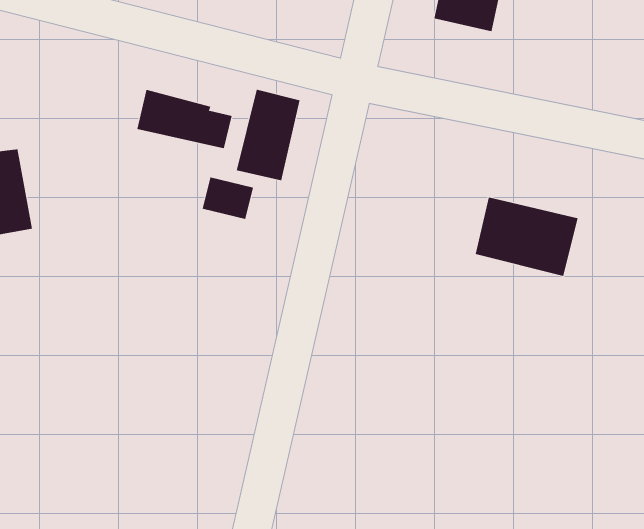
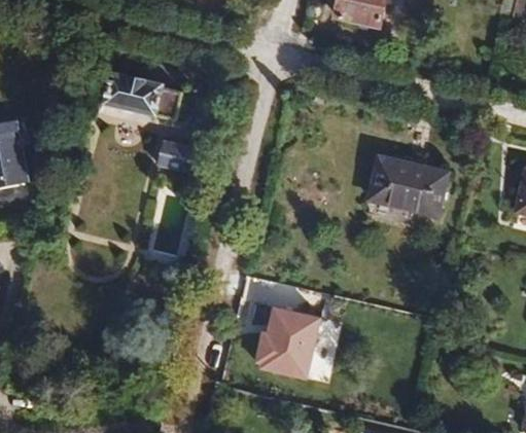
building: [236,89,300,181] -> none
building: none -> [254,302,323,380]

